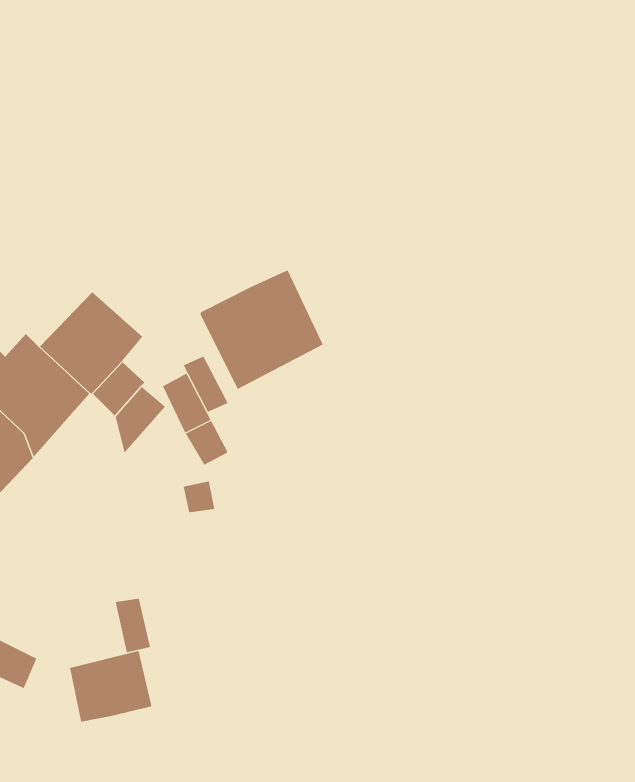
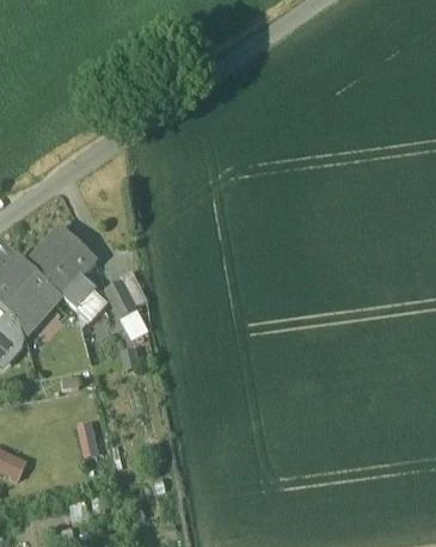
building: [200,270,323,390] -> none
building: [70,650,152,723] -> none

